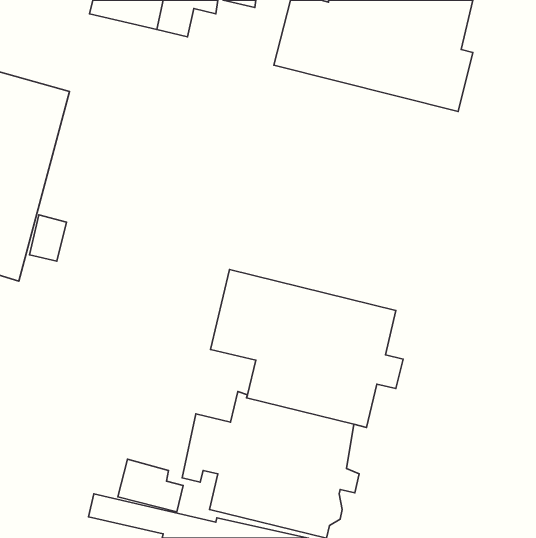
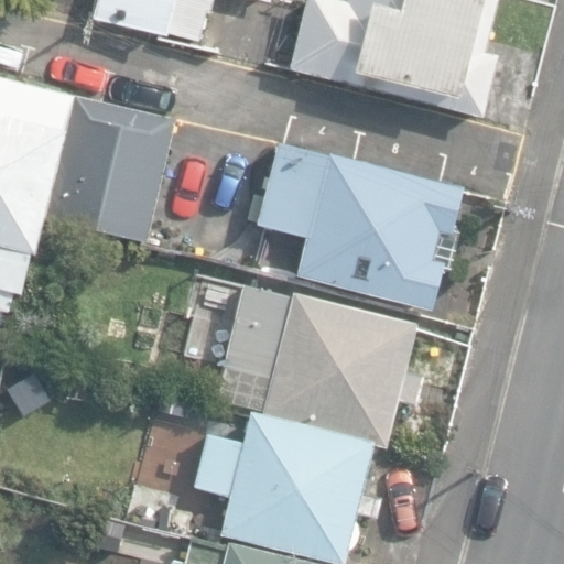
building: none -> [44,96,174,243]
building: none -> [257,142,462,311]

